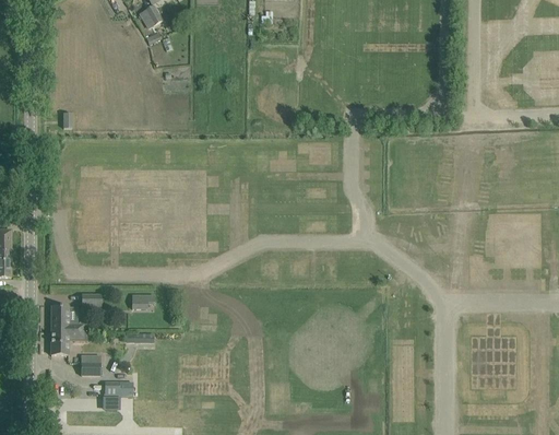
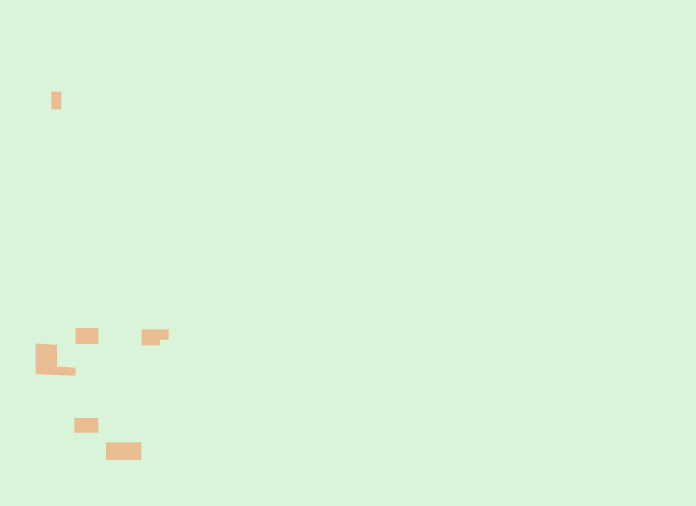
building: [50,329,82,354] -> none

